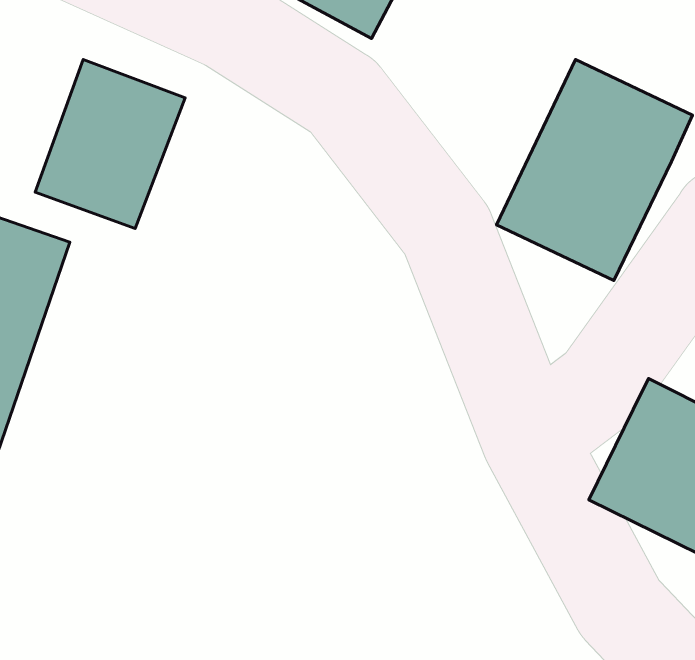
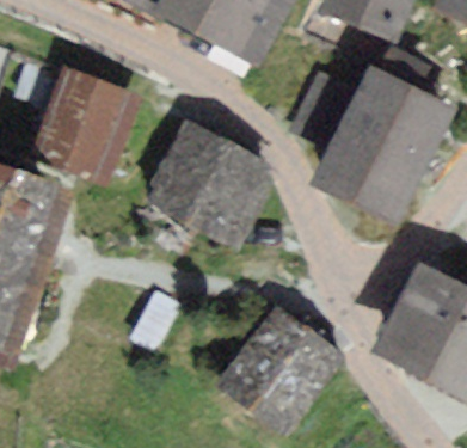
building: none -> [153,129,264,234]
building: none -> [229,313,330,421]

